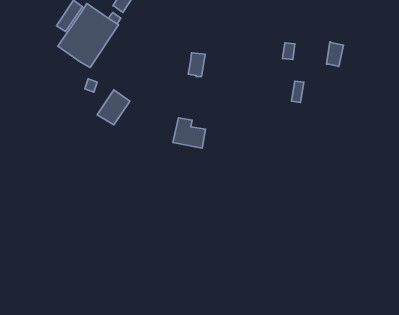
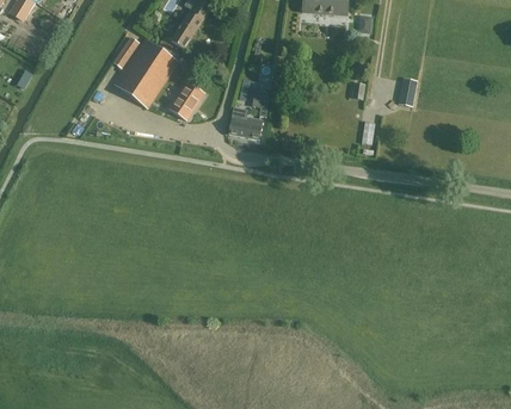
building: [97,90,130,125] -> [168,81,203,118]
building: [173,118,206,148] -> [227,106,261,138]

